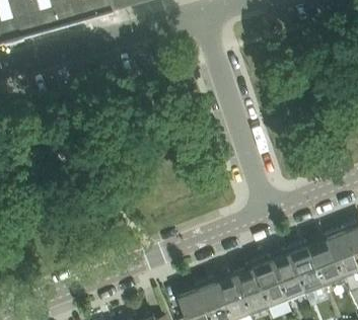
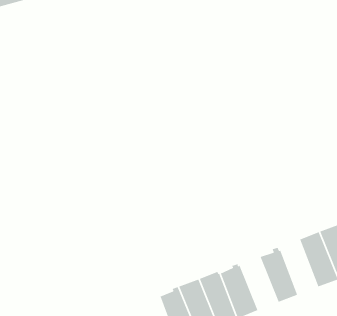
building: [288,243,323,295] -> none
building: [250,257,286,309] -> none

